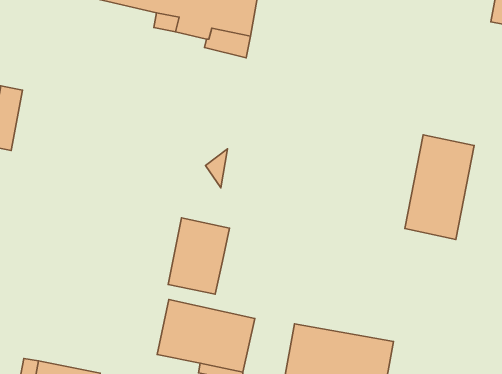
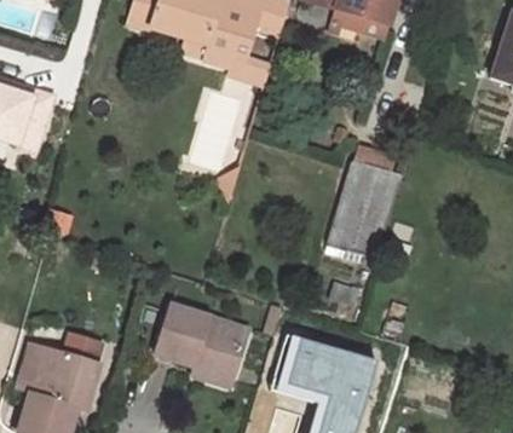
building: [405,135,474,239] -> [330,157,402,256]
building: [168,218,230,294] -> none

